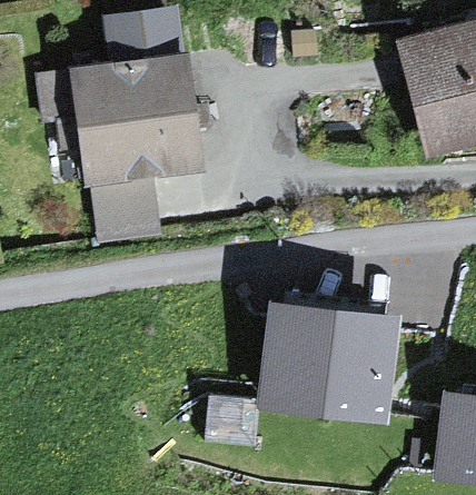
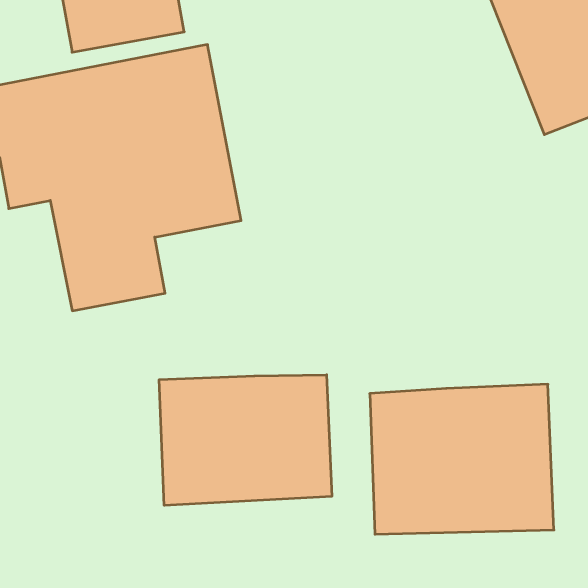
building: none -> [159,375,332,505]

